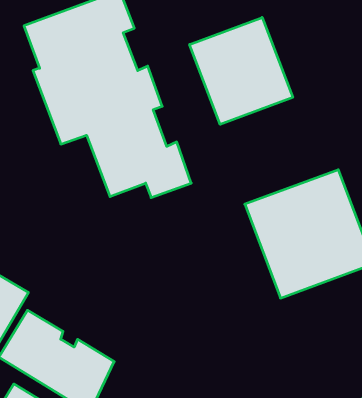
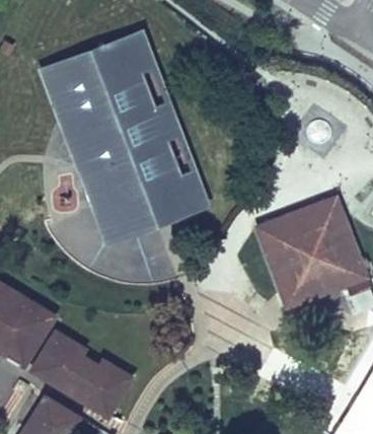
building: [190,17,293,124] -> none
building: none -> [39,67,168,247]

